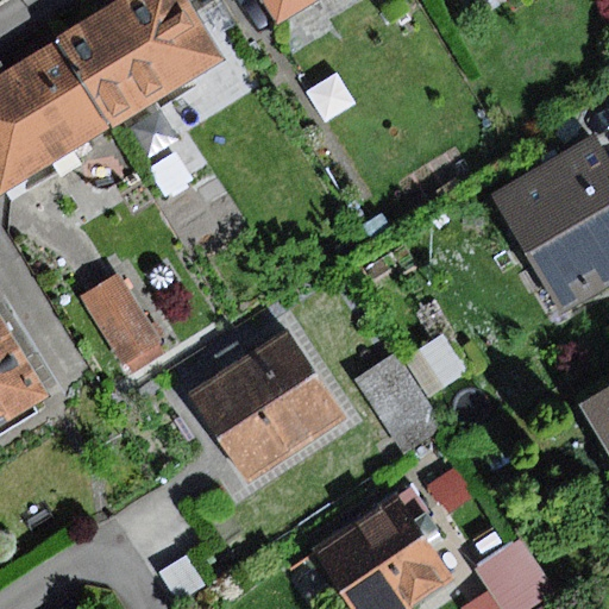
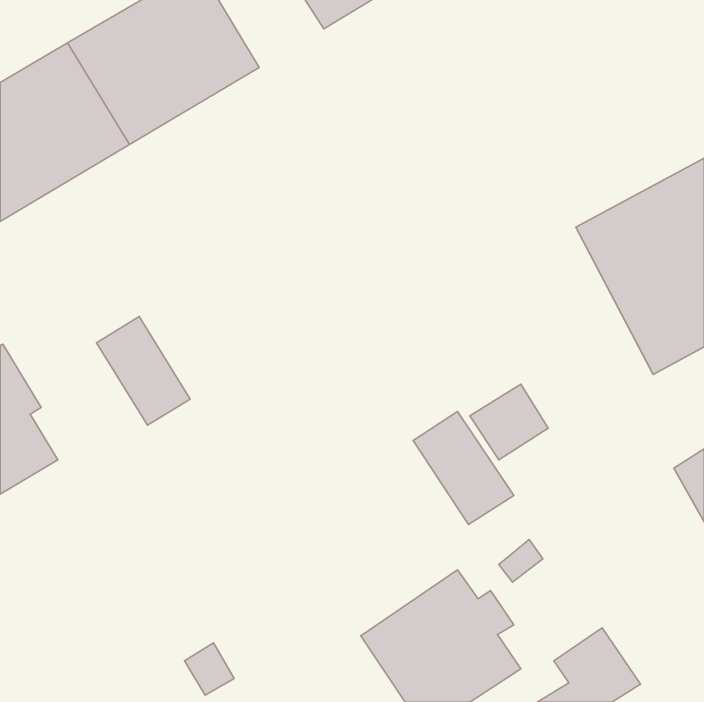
building: [190,331,341,478] -> none

